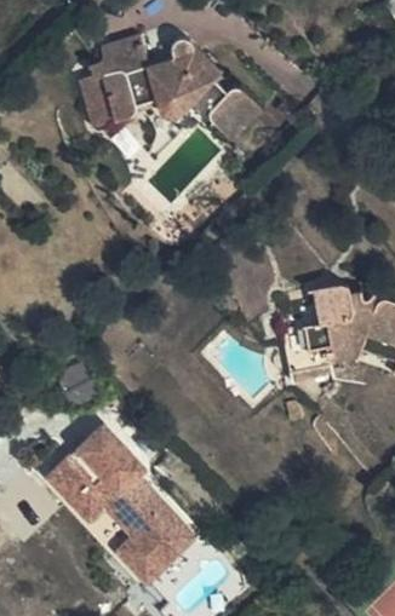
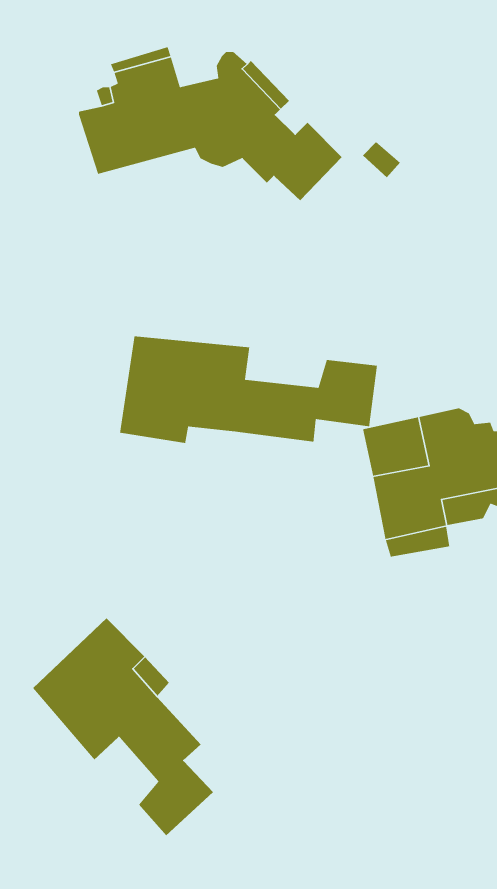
building: none -> [119,335,378,444]
building: [40,474,194,589] -> none

